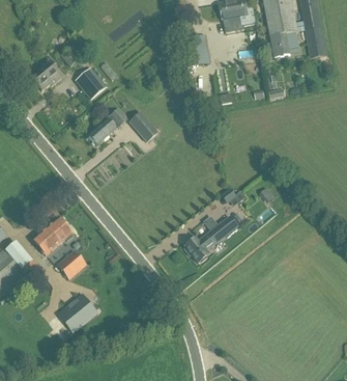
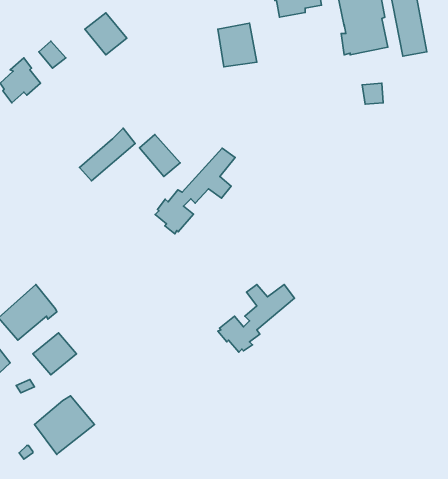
building: [76,69,105,98] -> [85,13,127,55]
building: none -> [155,148,235,234]

